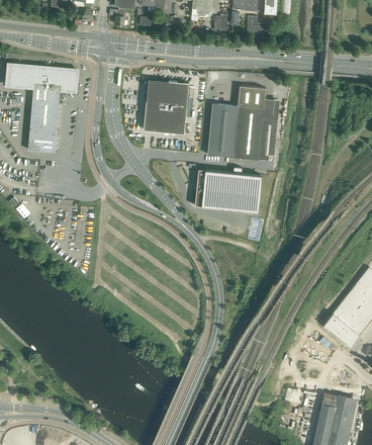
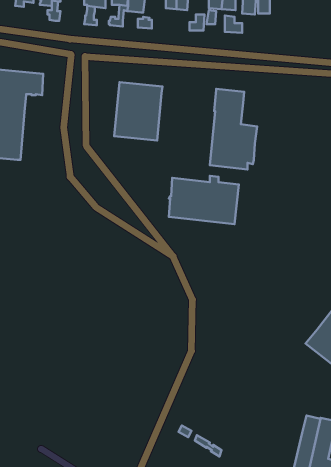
building: [208,103,239,157] -> none

